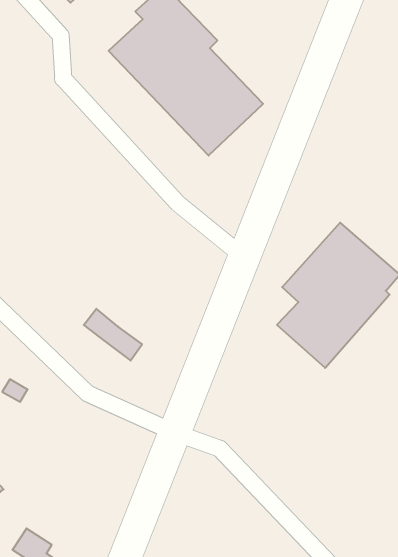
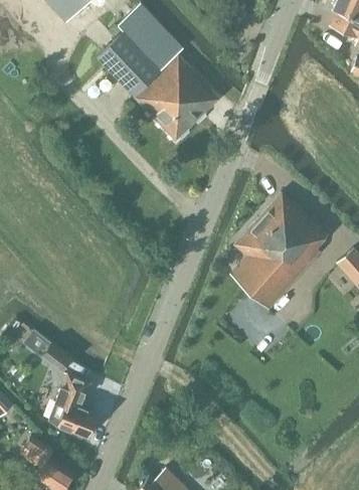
building: [84,309,142,361] -> [25,330,71,371]
building: none -> [50,374,98,437]

